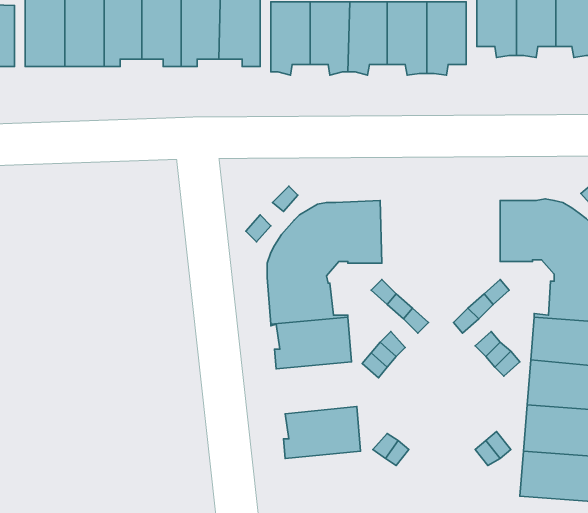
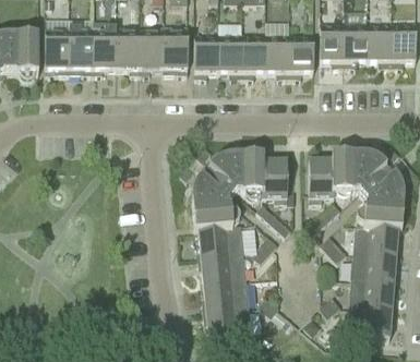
building: none -> [261,154,287,202]
building: none -> [309,154,334,202]
building: none -> [197,252,247,283]
building: none -> [203,306,252,338]

